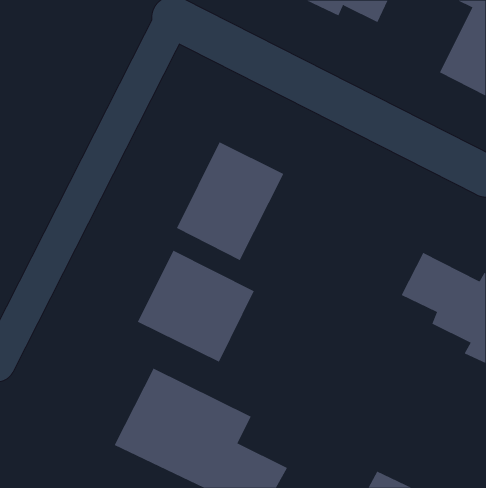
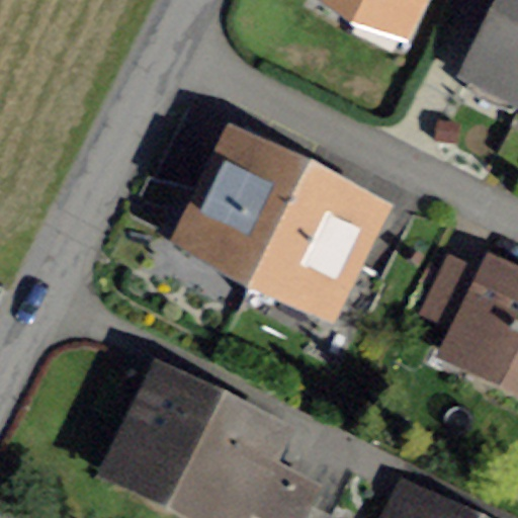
building: none -> [254,184,368,311]
building: [137,250,255,363] -> none

